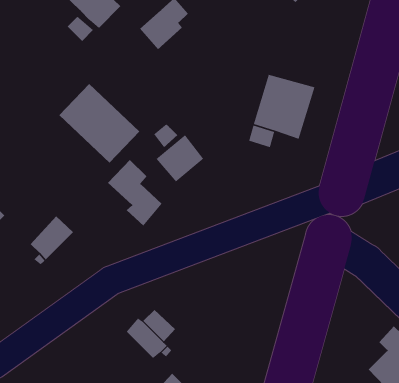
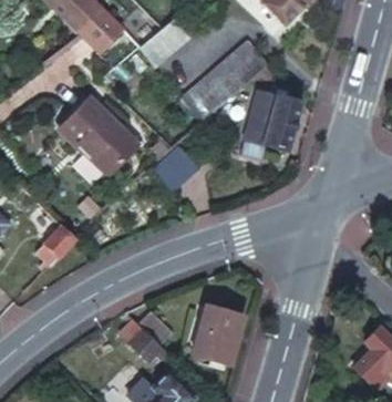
building: none -> [182,43,270,124]
building: [107,159,163,226] -> none
building: none -> [192,302,244,362]

